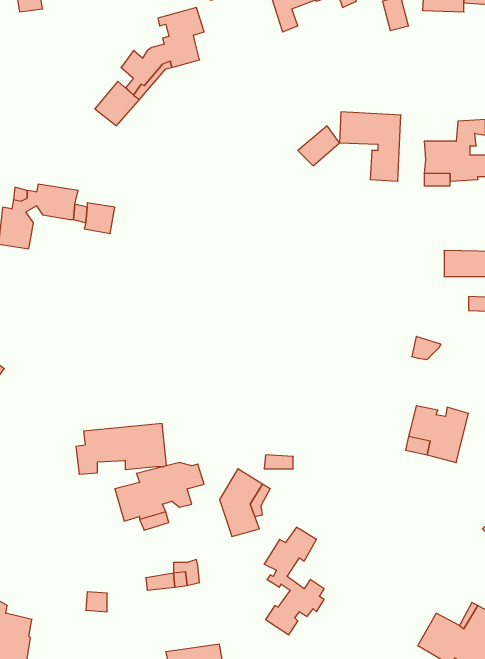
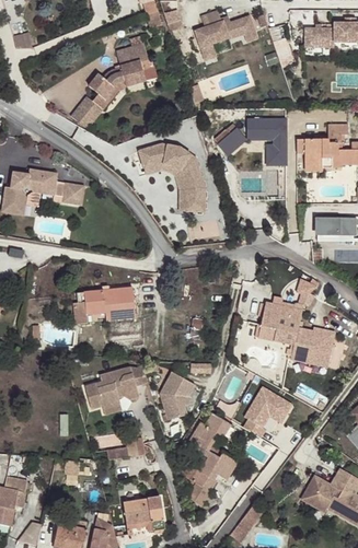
building: none -> [136,144,205,209]
building: none -> [255,302,302,345]
building: [76,424,167,474] -> [71,287,136,323]
building: none -> [240,389,291,436]

